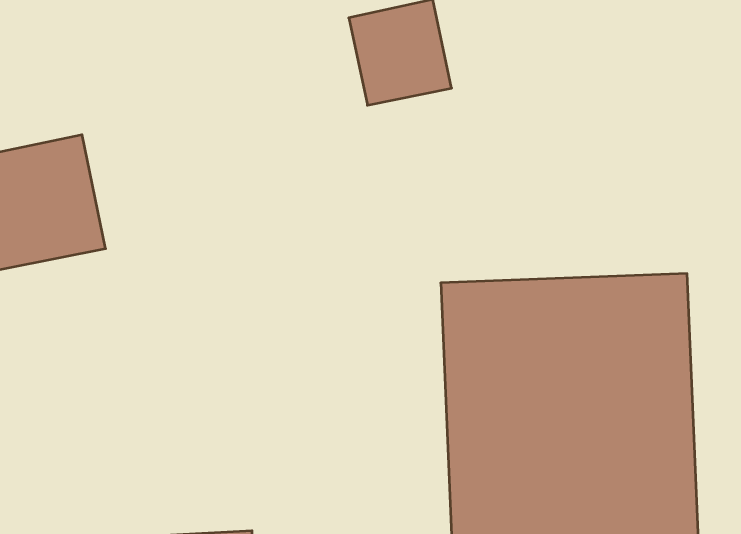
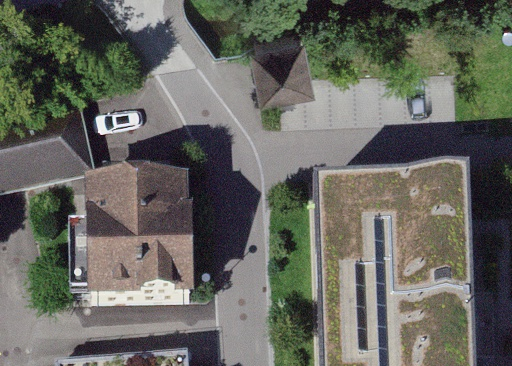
building: none -> [85,177,195,302]

